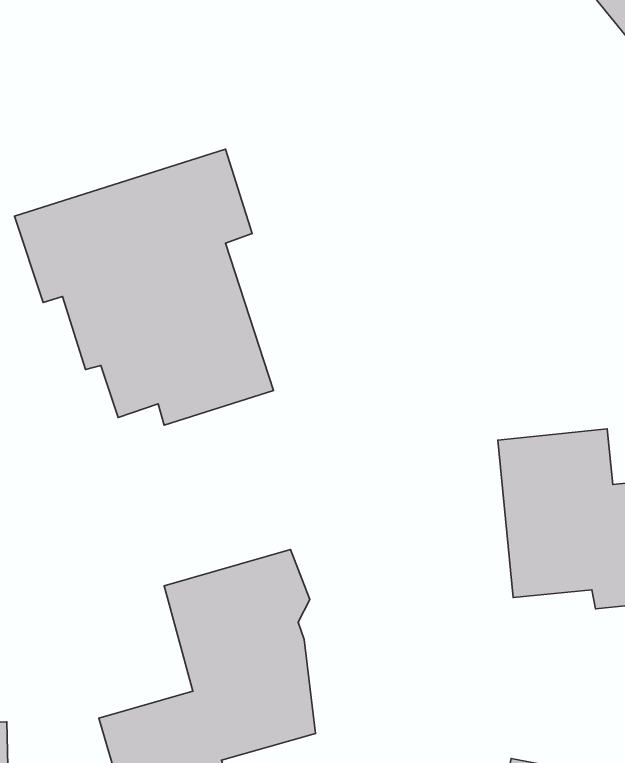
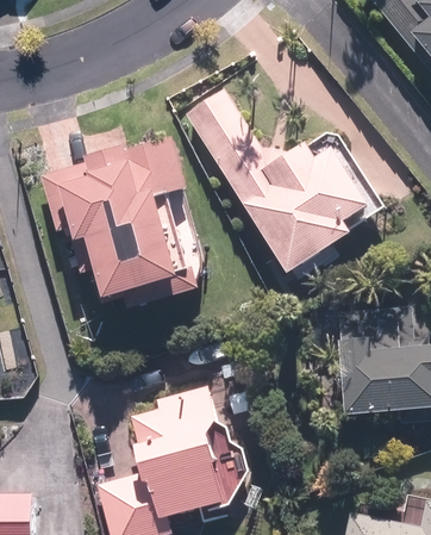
building: none -> [183,89,371,270]

